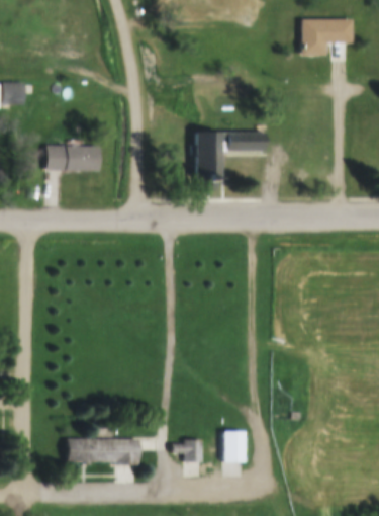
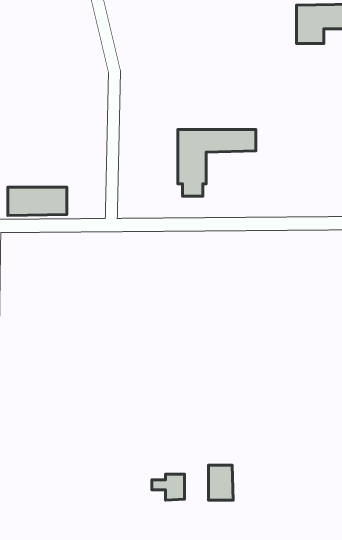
building: [46,145,99,170] -> [8,187,67,216]
building: [69,438,140,465] -> none

